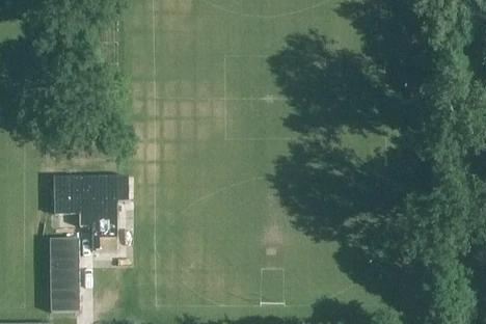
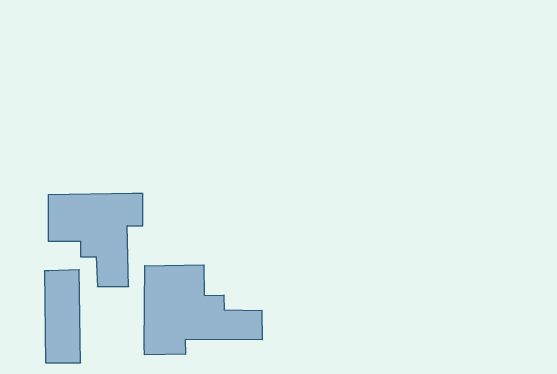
building: none -> [144,265,262,355]

